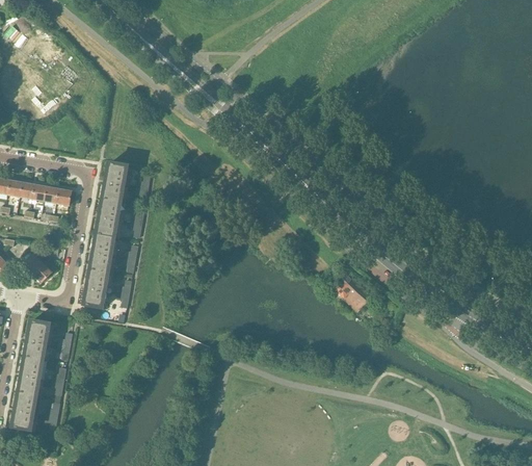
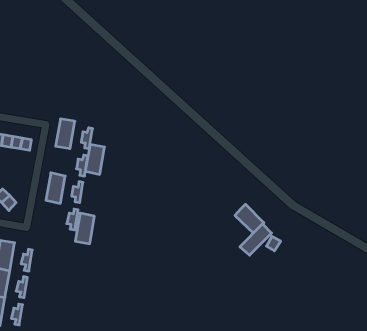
building: [97,199,122,237] -> [85,145,105,174]
building: [84,268,109,308] -> [75,213,94,244]
building: none -> [240,224,272,255]

